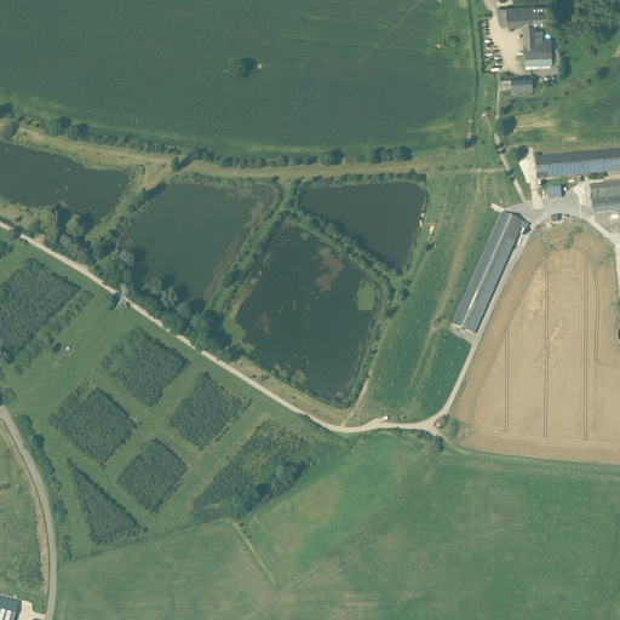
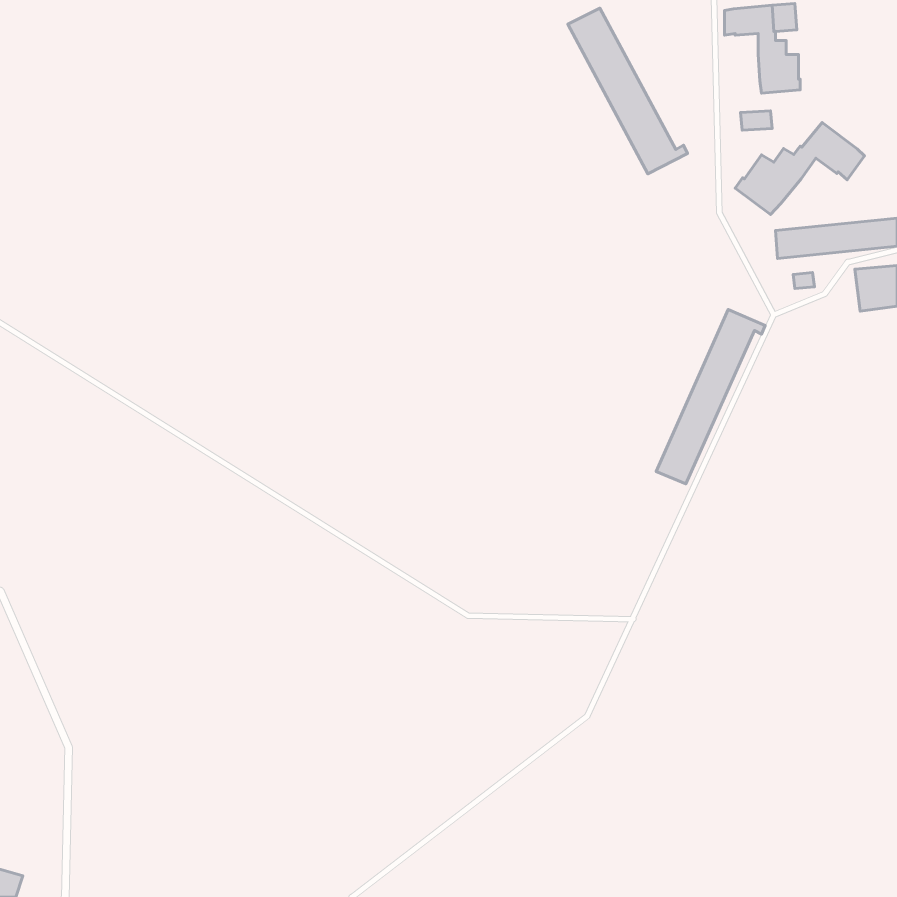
building: none -> [568,8,687,174]
building: none -> [735,122,865,214]

